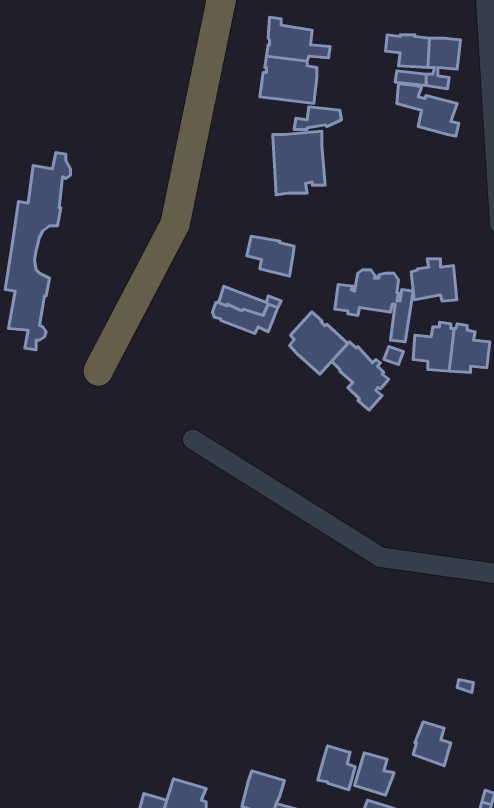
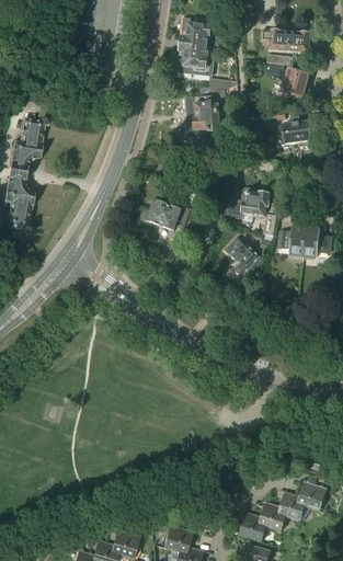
building: [247,236,294,276] -> none
building: [411,259,457,301] -> [279,117,310,146]
building: [289,312,348,374] -> none
building: none -> [298,481,327,511]
building: [318,746,355,790] -> [260,501,285,530]

